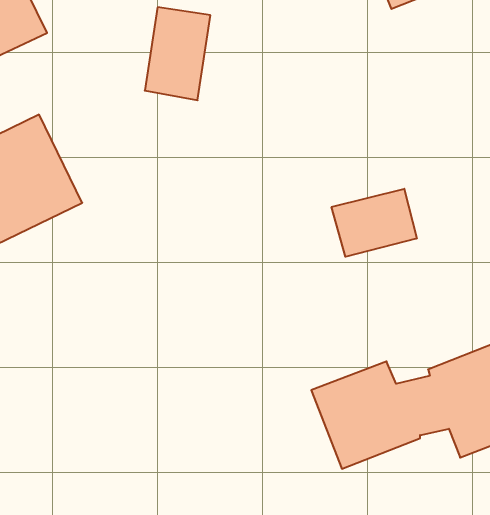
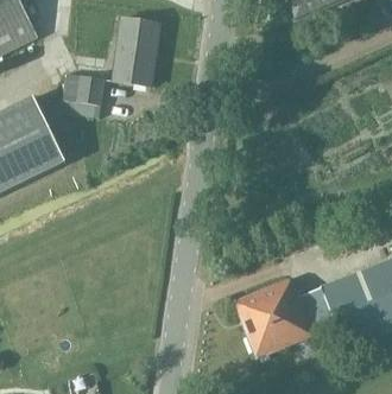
building: none -> [61,72,103,116]
building: [332,189,417,257] -> none

